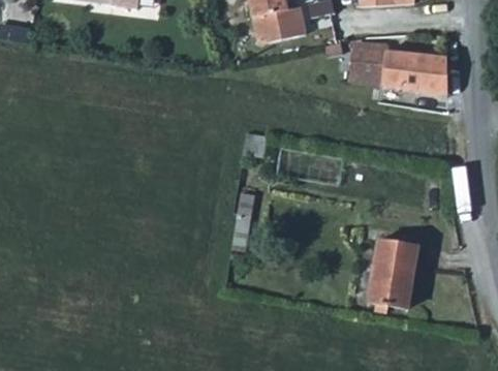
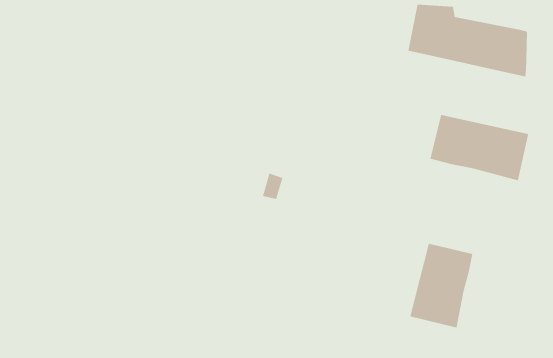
building: none -> [430,114,529,181]

